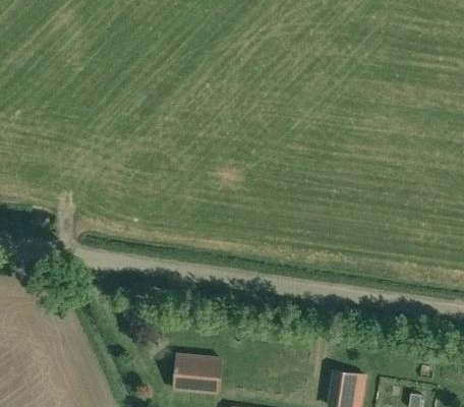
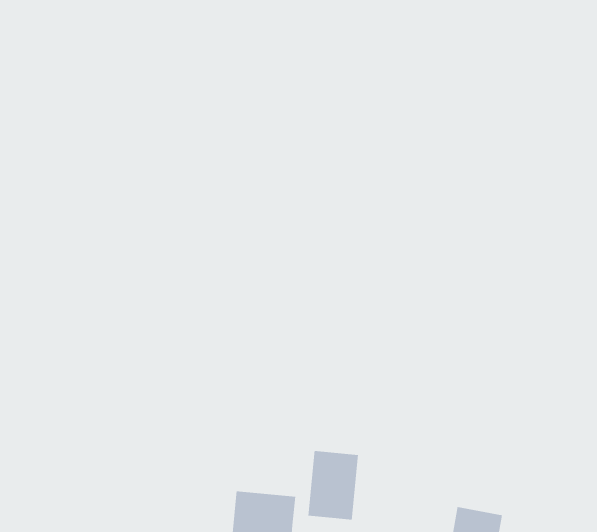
building: none -> [308,450,359,521]

